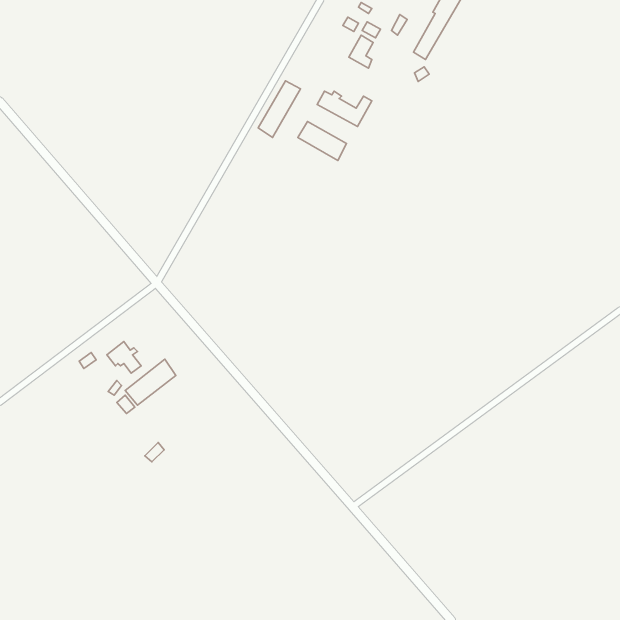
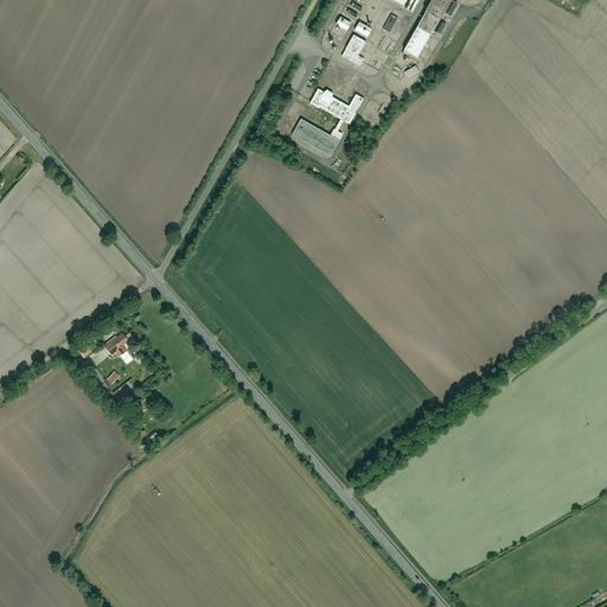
building: [258,81,300,137] -> none
building: [125,359,176,405] -> none

